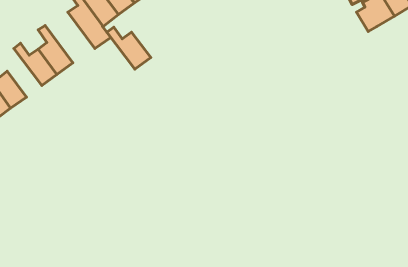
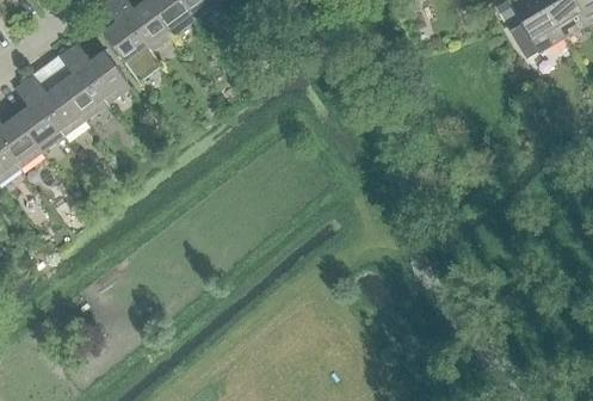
building: [107,27,151,69] -> [68,42,130,101]
building: none -> [14,81,63,150]

